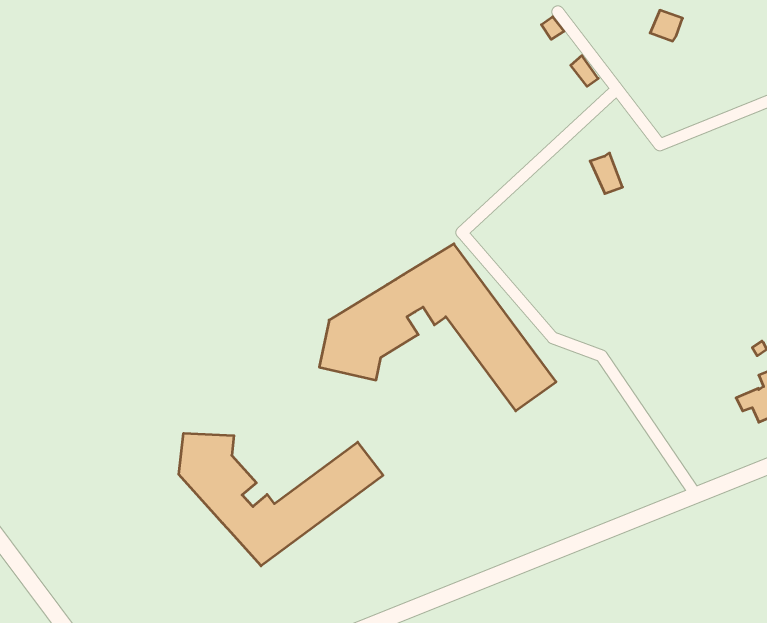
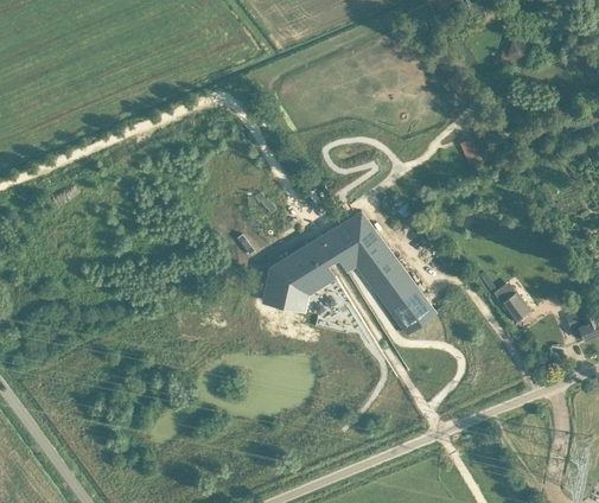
building: none -> [492,284,529,324]
building: [179,433,383,566] -> none

